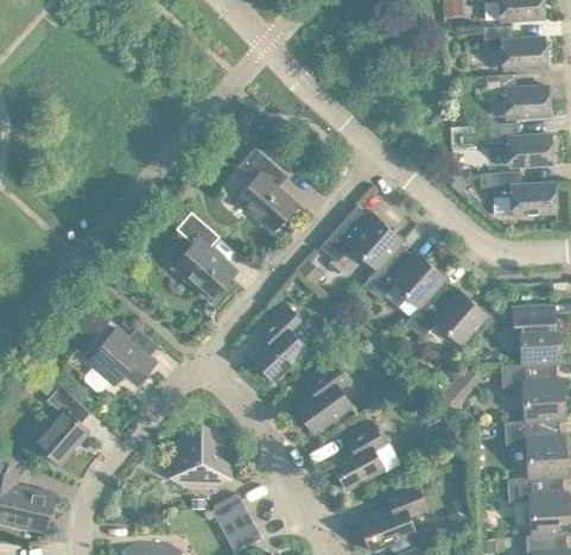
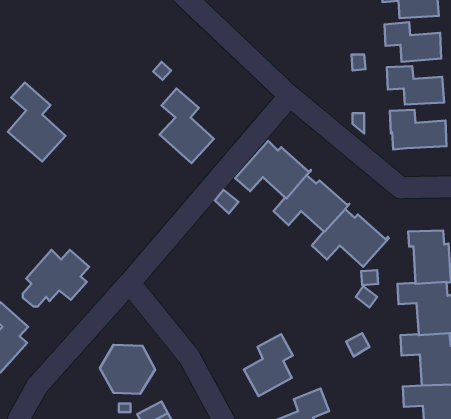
building: [172,213,236,301] -> [8,83,65,162]
building: [250,305,307,381] -> none
building: [294,360,351,434] -> none

